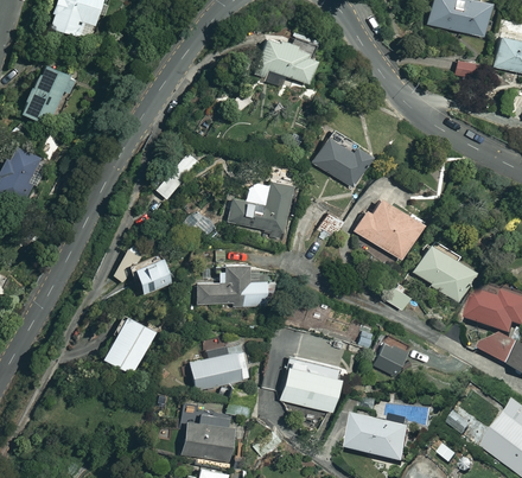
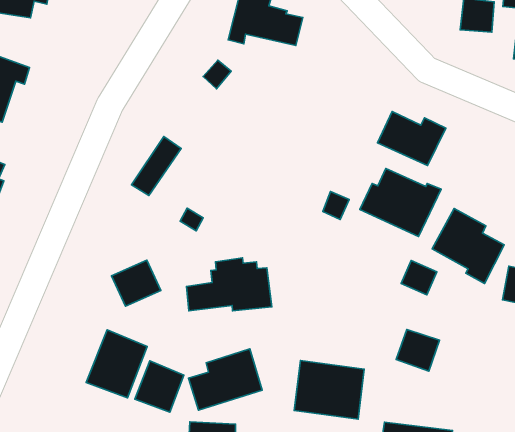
building: [312,138,373,187] -> [378,111,446,166]
building: [227,179,291,235] -> none
building: none -> [135,361,184,412]

